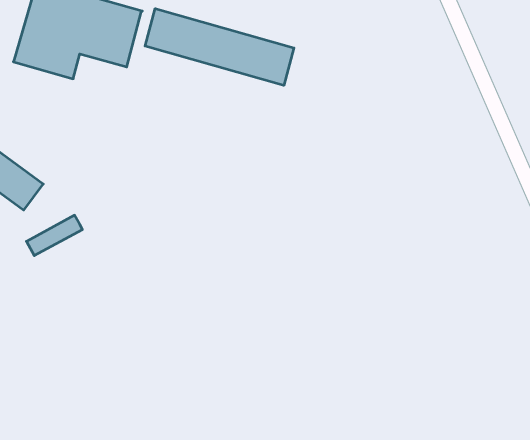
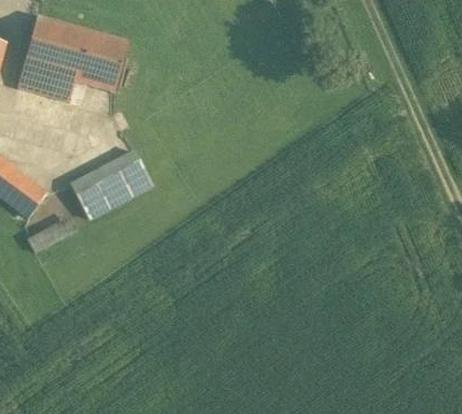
building: [145,9,294,85] -> none
building: none -> [72,149,153,216]

